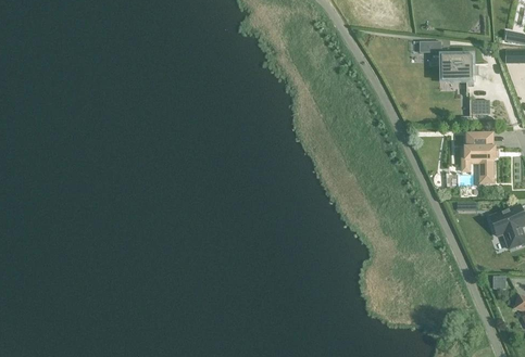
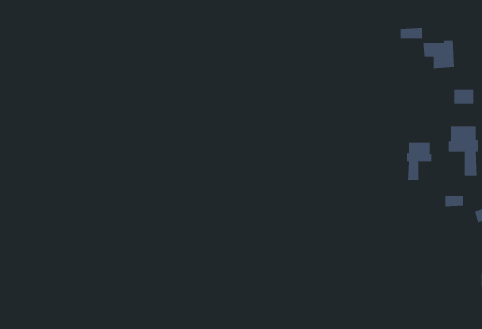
building: none -> [407,142,432,181]

